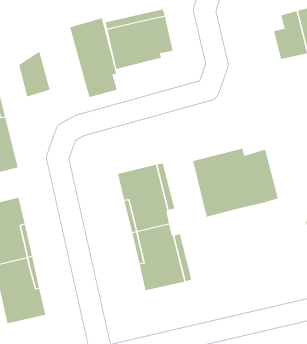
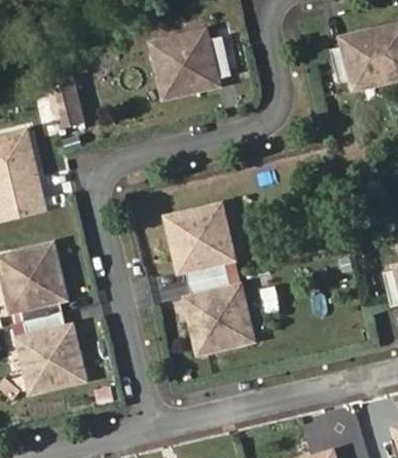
building: [69,17,117,98] -> none
building: [192,148,279,217] -> none

